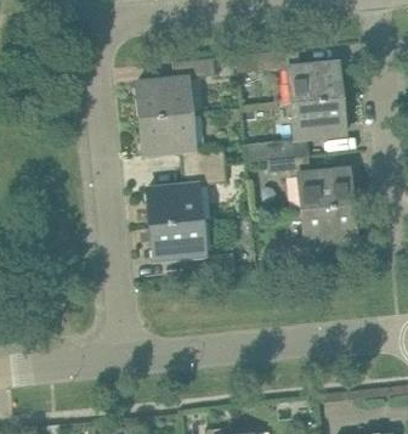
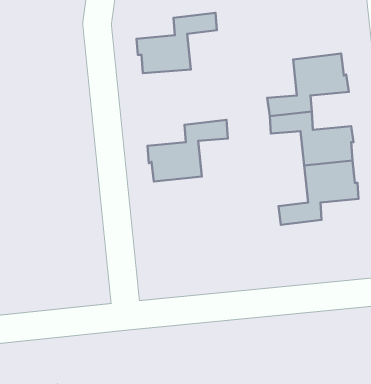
building: [257,50,340,103] -> none
building: [143,113,226,168] -> none
building: [153,219,236,275] -> none

